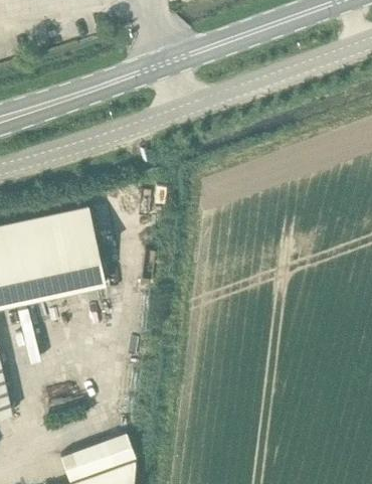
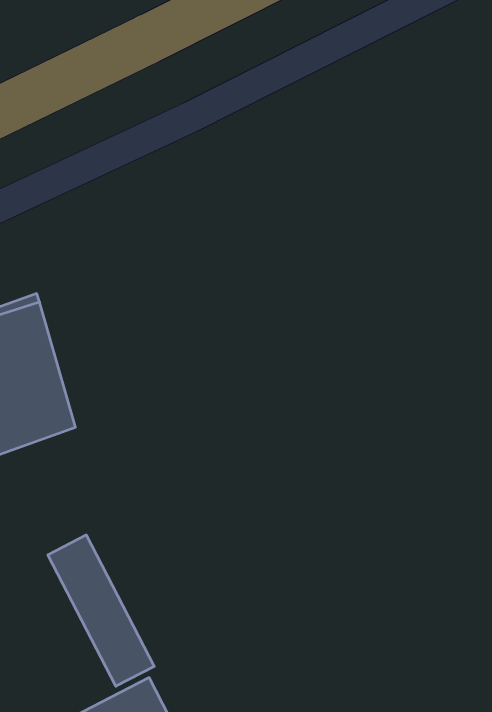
building: none -> [48,535,154,686]

